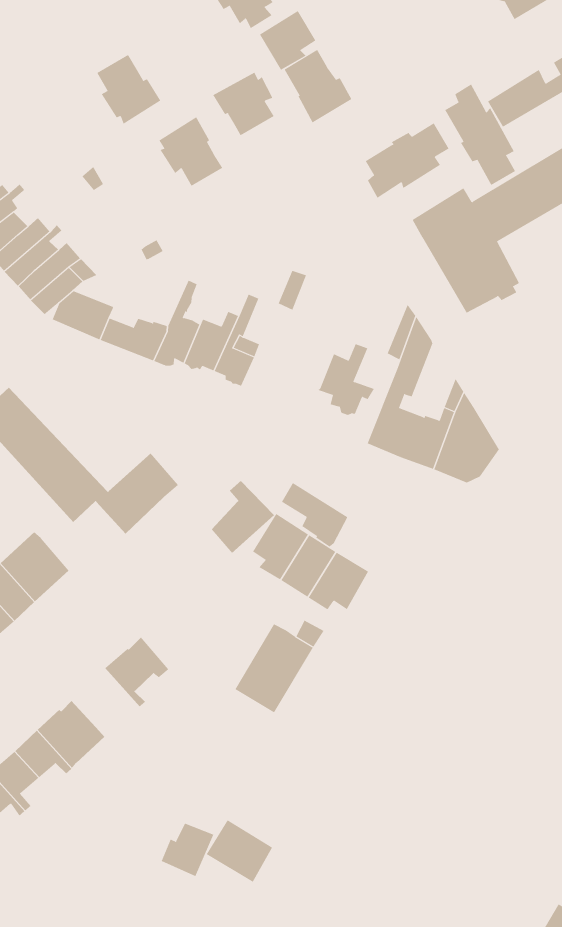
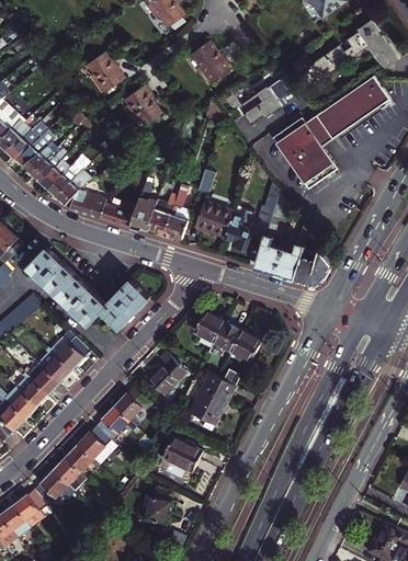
building: [259,10,316,71] -> none
building: [213,72,274,136] -> none
building: [445,84,516,186] -> none
building: none -> [195,201,234,237]
building: [211,480,275,554] -> [149,353,185,396]
building: [281,482,348,548] -> none
building: none -> [95,407,135,440]
building: [206,819,273,882] -> [162,436,201,471]

